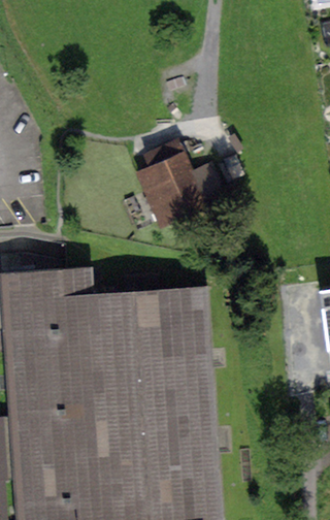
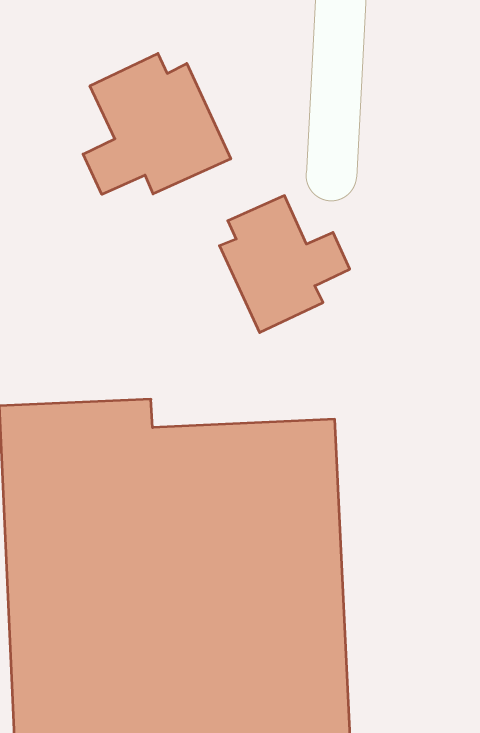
building: none -> [83,53,231,194]

